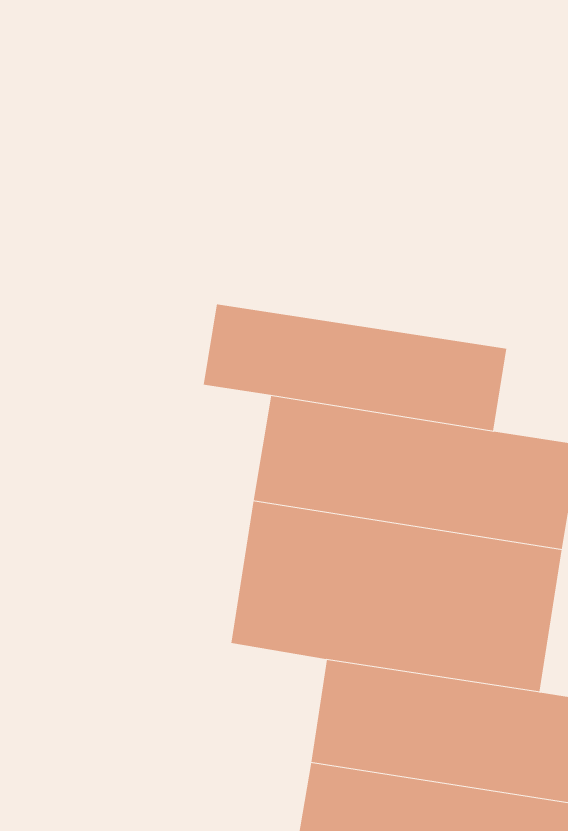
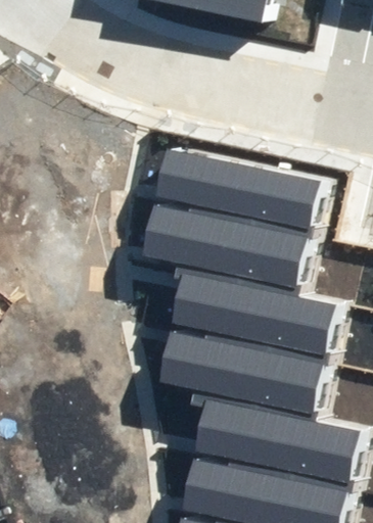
building: none -> [150,148,321,237]

